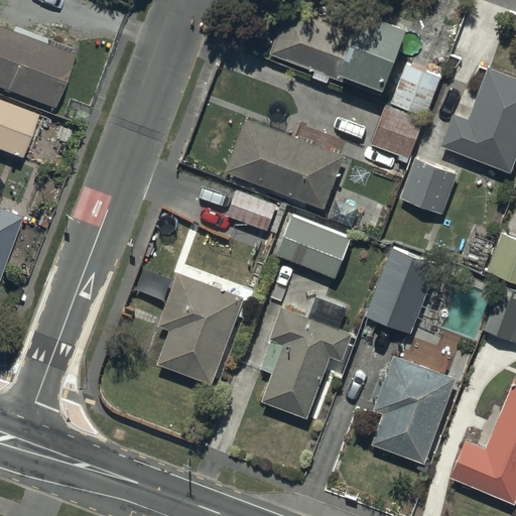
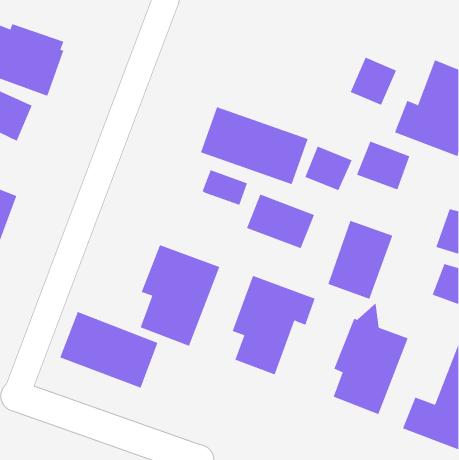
building: [270,10,408,96] -> none
building: [370,108,423,158] -> [305,146,352,191]
building: none -> [60,311,158,388]

